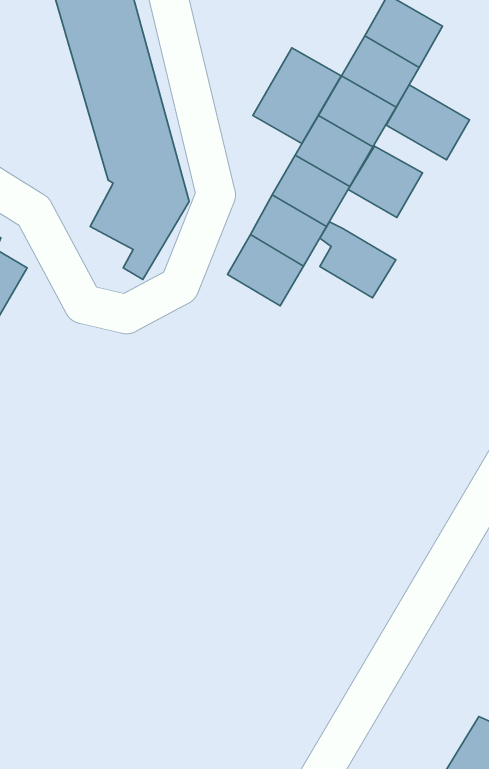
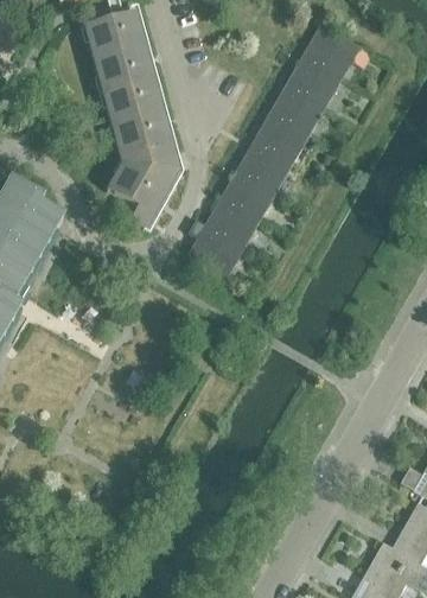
building: [253,48,341,144] -> none
building: [386,85,469,160] -> none
building: [348,146,422,218] -> none
building: [320,222,396,298] -> [189,217,243,272]

